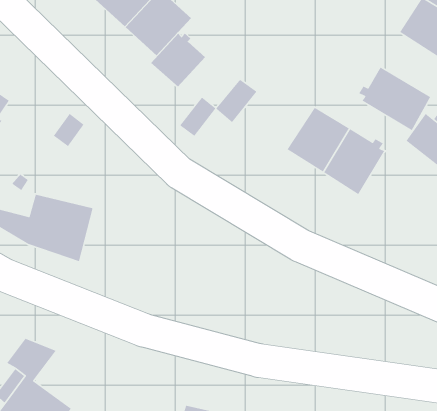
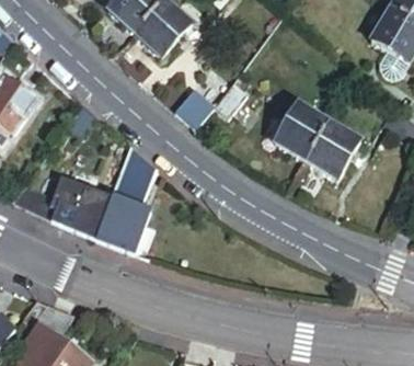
building: [150,32,206,87] -> none
building: [358,66,431,131] -> none
building: none -> [94,136,150,249]

